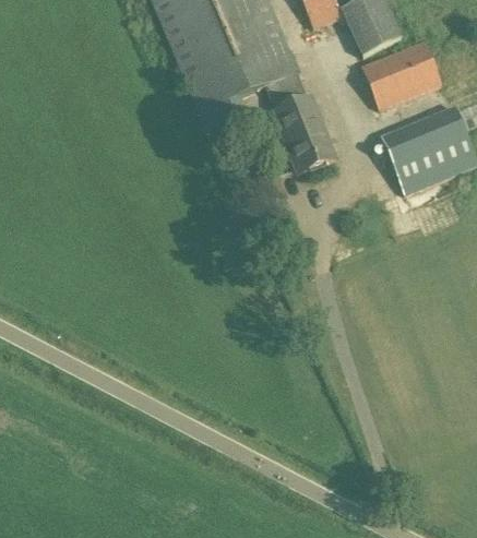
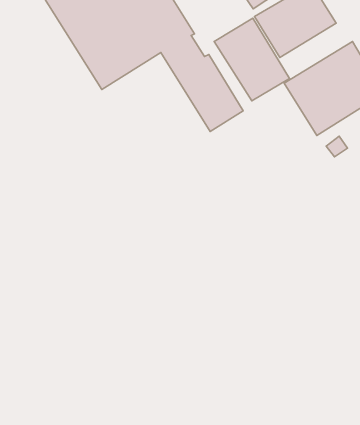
building: none -> [214,18,290,101]

